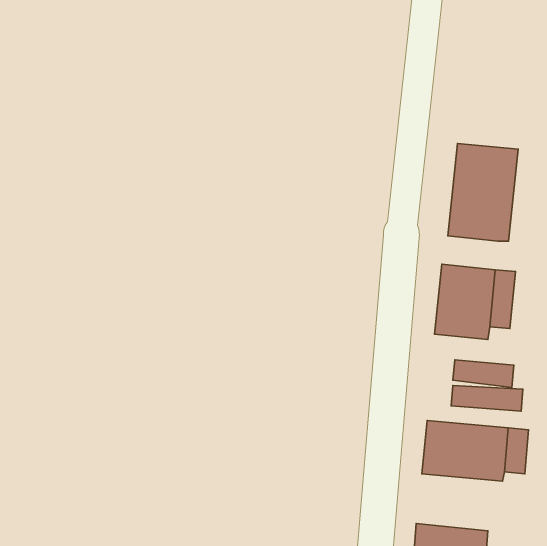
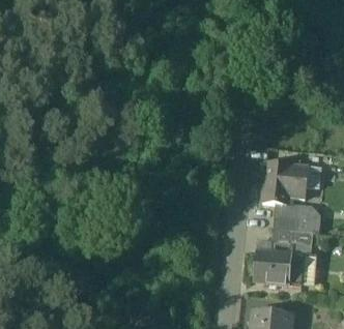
building: [448,144,518,241] -> none

